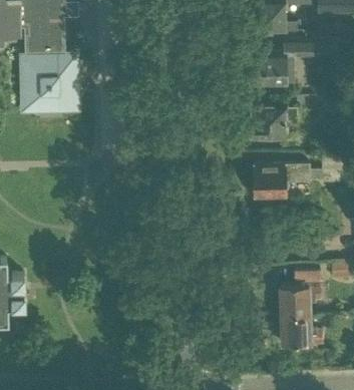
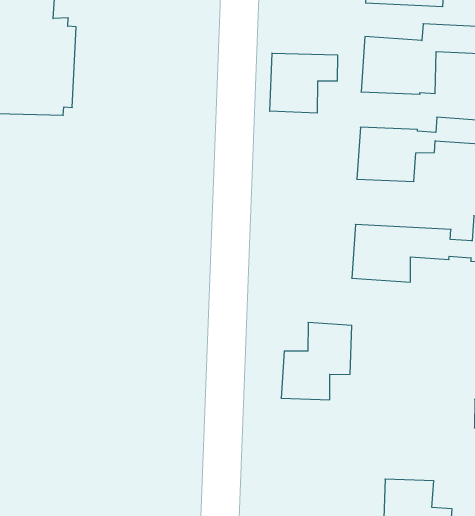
building: none -> [270,53,338,113]
building: [281,271,321,317] -> [281,322,352,400]

